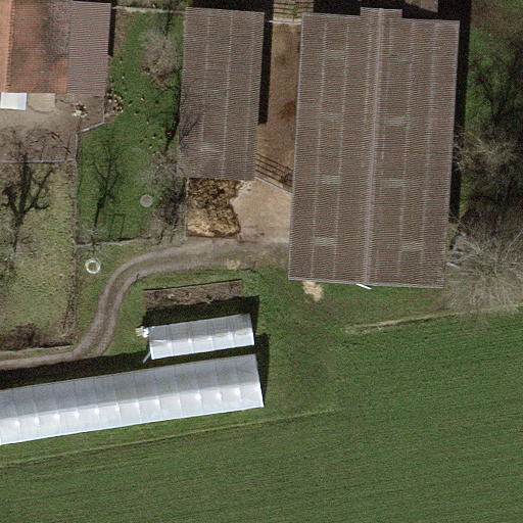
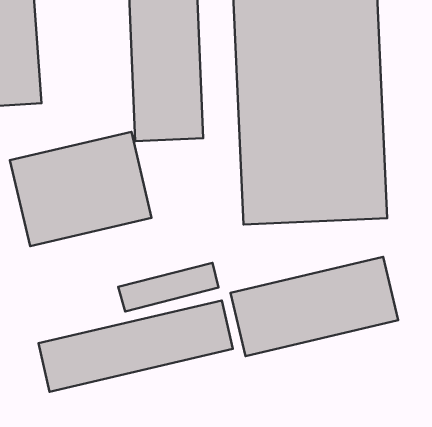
building: none -> [10,132,152,246]
building: none -> [230,257,398,356]

